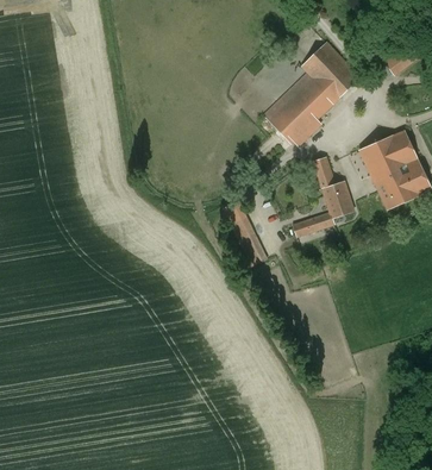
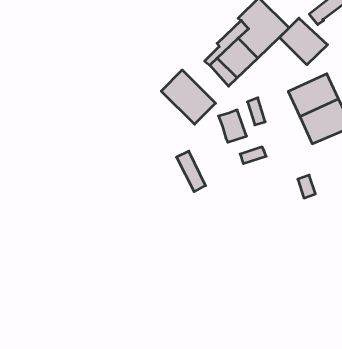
building: none -> [280,18,328,65]
building: none -> [161,70,216,124]
building: [321,181,353,218] -> [218,110,247,142]

